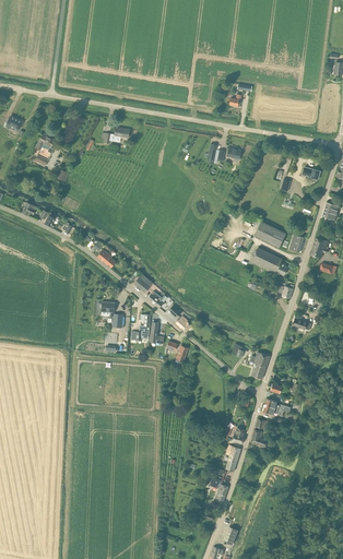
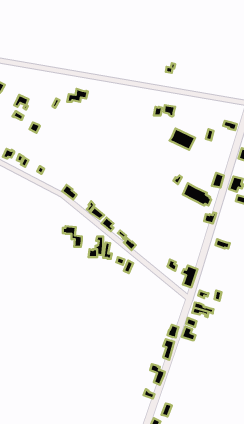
building: [253,219,286,247] -> [169,129,195,150]

